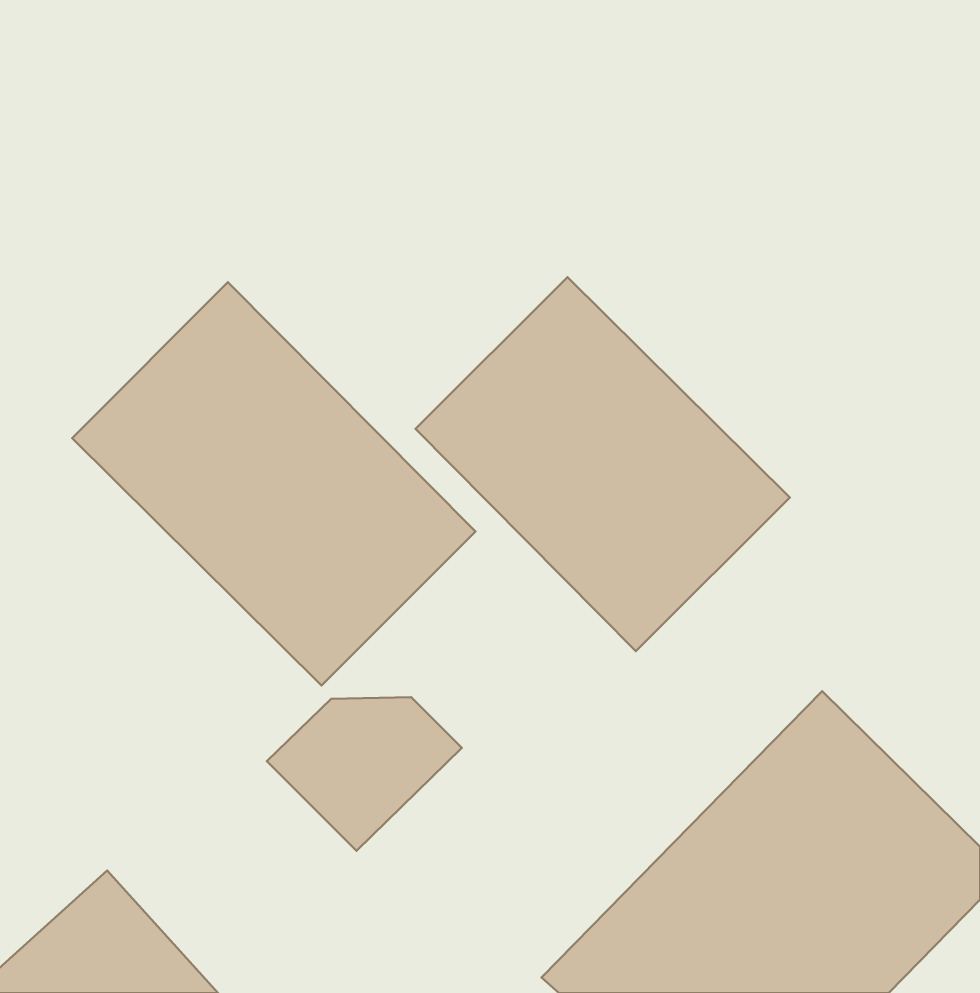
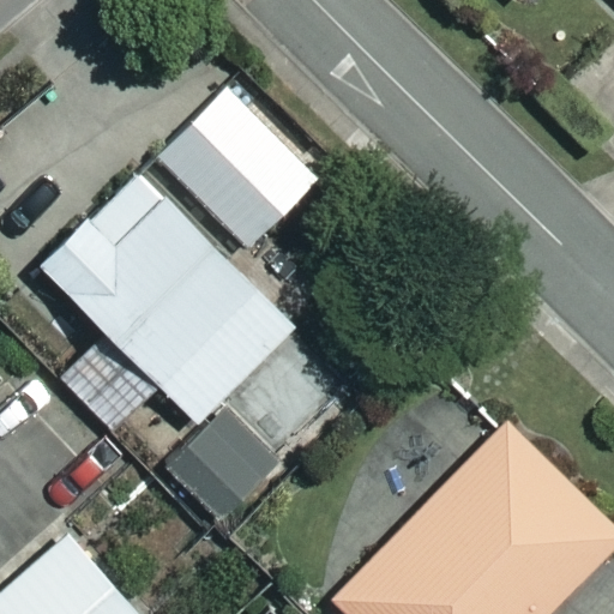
building: none -> [157,89,319,251]
building: [416,277,790,651] -> none

